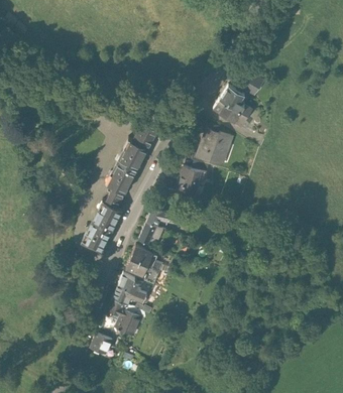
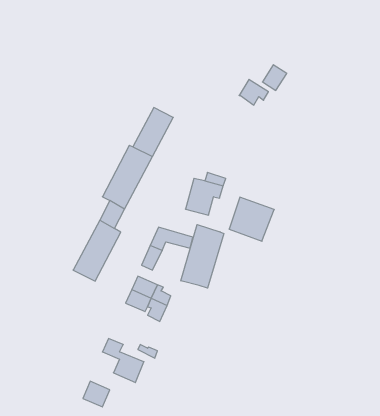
building: [214,99,252,127] -> none
building: [197,129,234,165] -> [229,197,274,241]
building: none -> [181,225,224,288]
building: [112,274,146,305] -> none

